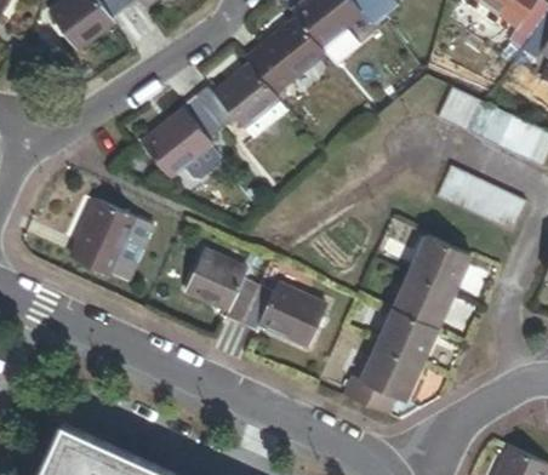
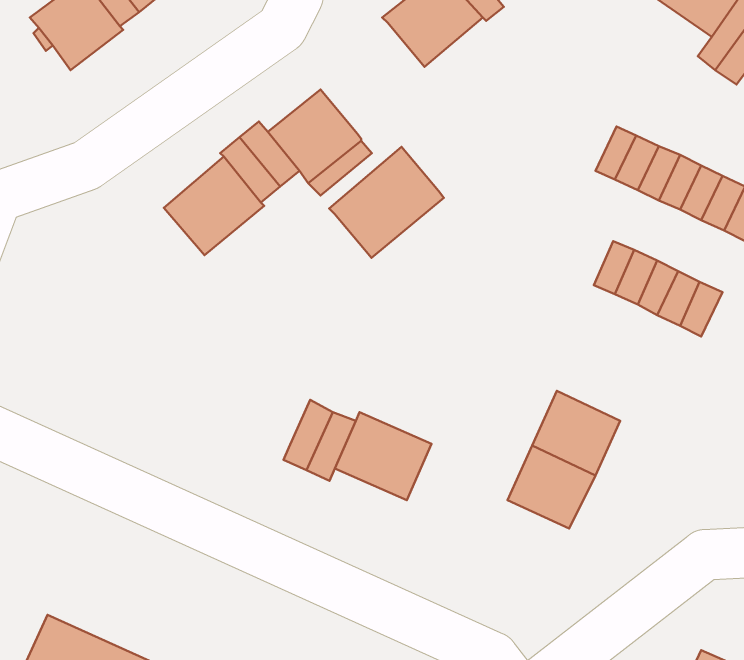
building: [245,17,324,93] -> [329,147,444,258]
building: [69,199,136,275] -> none
building: [411,235,470,291] -> none
building: [185,252,244,309] -> none
building: [344,345,419,416] -> none

